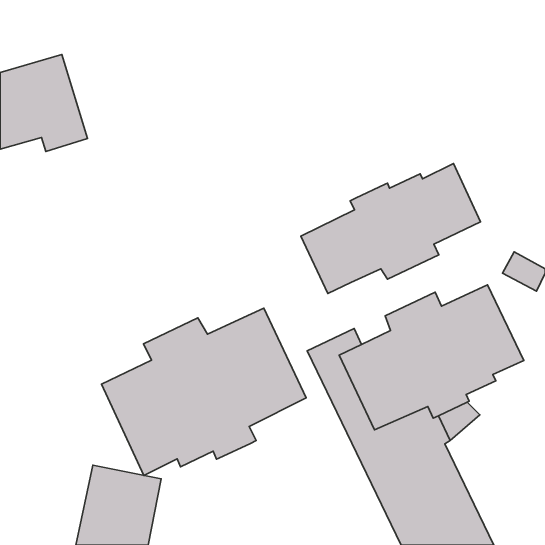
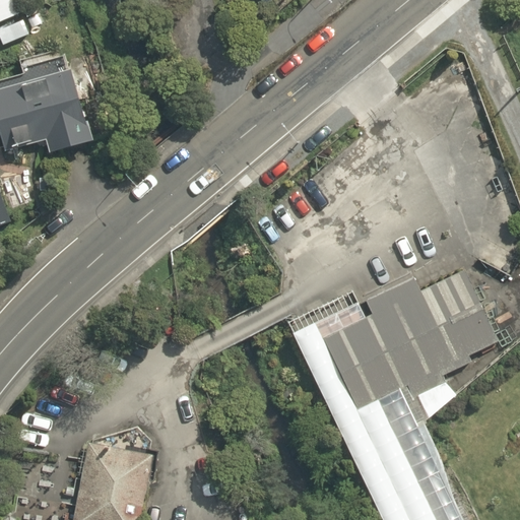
building: [301,163,481,293] -> none
building: [102,308,306,475] -> none

